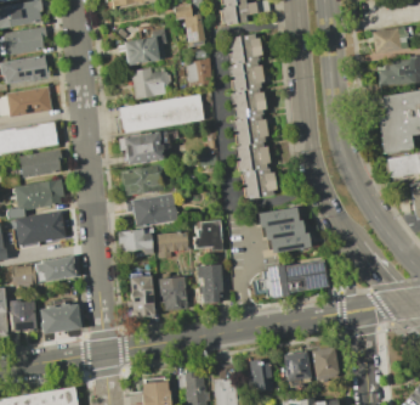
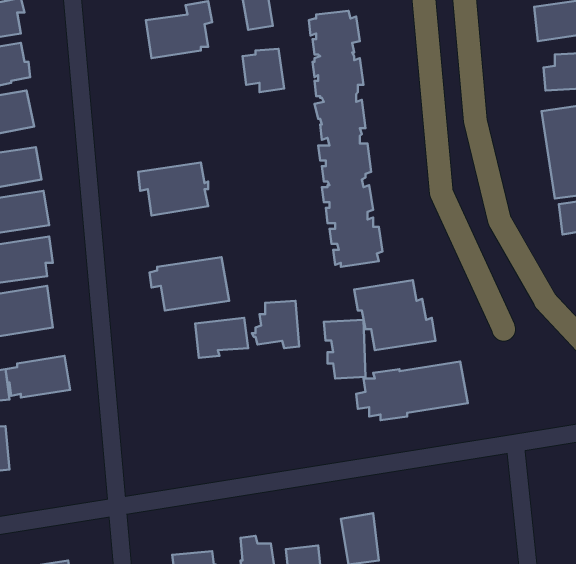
building: [131,67,171,99] -> none
building: [120,94,204,133] -> none
building: [121,164,163,196] -> none
building: [117,229,153,254] -> none
building: [195,265,222,303] -> [324,320,365,379]
building: [129,275,154,317] -> none
building: [158,276,186,309] -> none
building: [39,303,80,333] -> none
building: [311,345,337,376] -> none
building: [282,350,310,381] -> none

